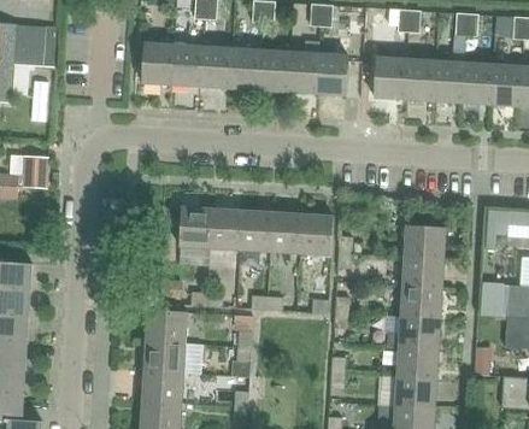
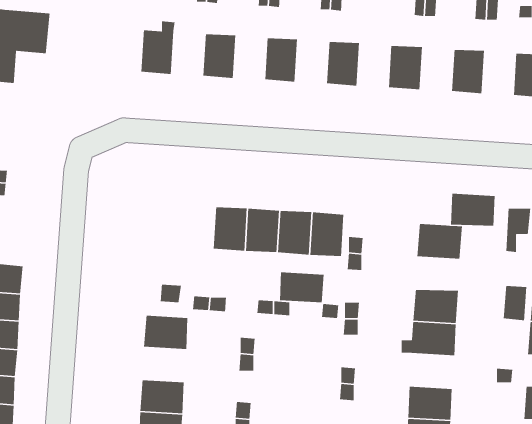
building: [288,41,321,94] -> none
building: [172,45,204,87] -> none
building: [230,48,261,90] -> none
building: [405,59,436,101] -> none
building: [463,63,494,105] -> none
building: [23,155,49,188] -> none
building: [180,206,213,248] -> none
building: [400,255,442,287] -> [450,193,495,226]
building: none -> [279,272,325,303]
building: [145,340,201,374] -> none
building: [394,346,437,378] -> none

